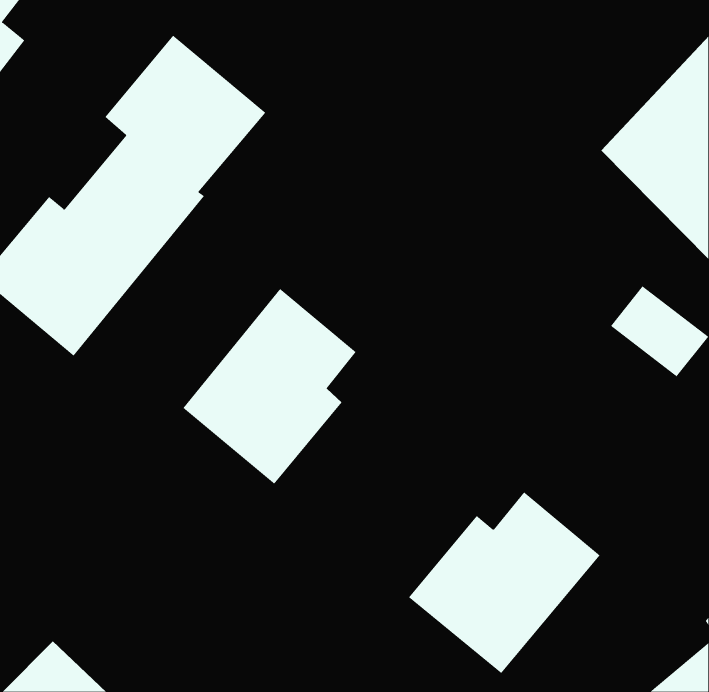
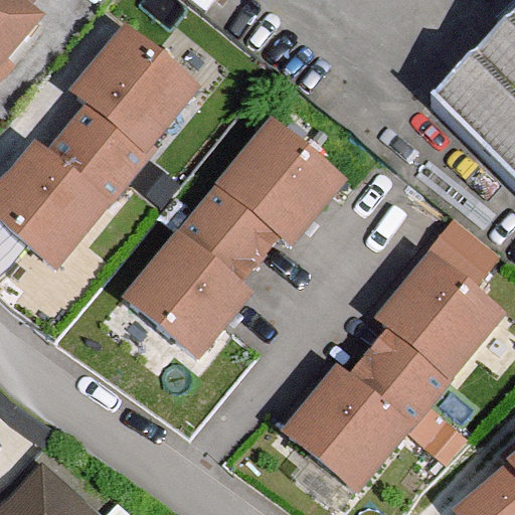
building: none -> [202,122,341,254]
building: none -> [378,260,505,401]

